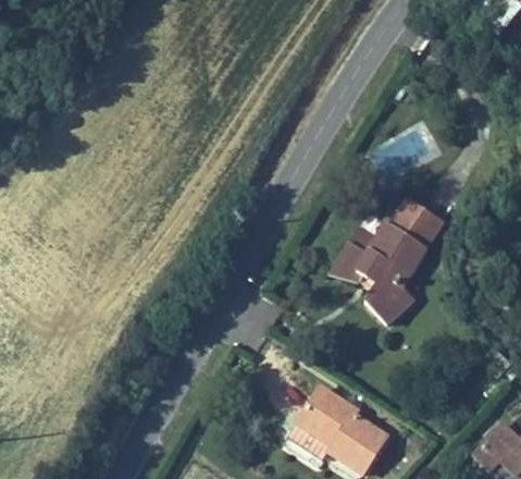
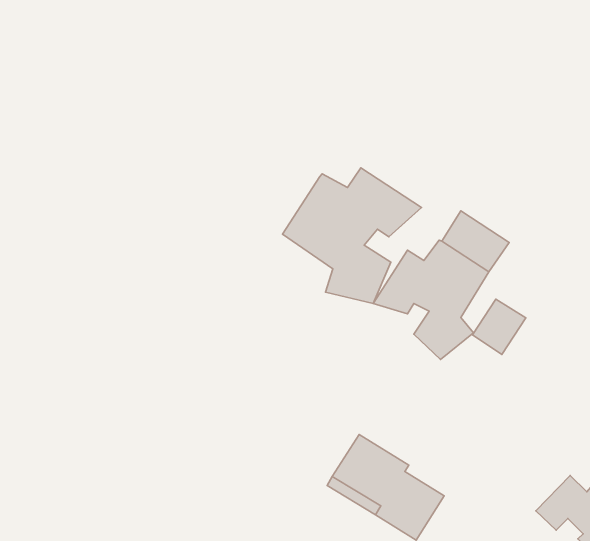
building: none -> [282,168,421,304]
building: none -> [472,299,526,355]

